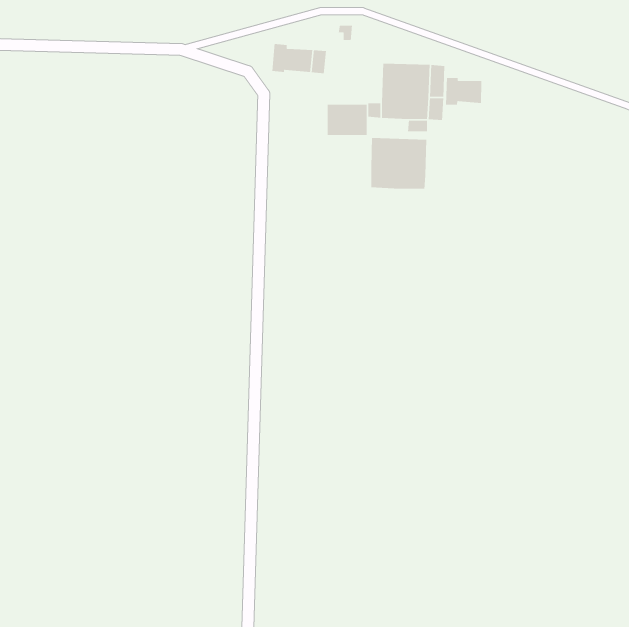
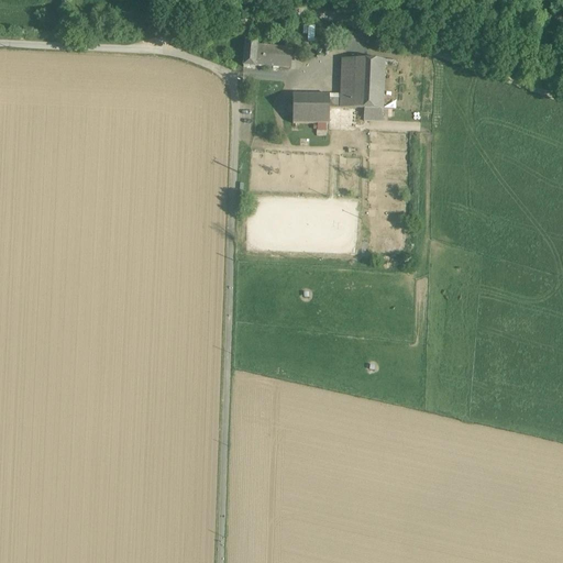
building: [445,77,482,105] -> none
building: [370,137,427,190] -> none

